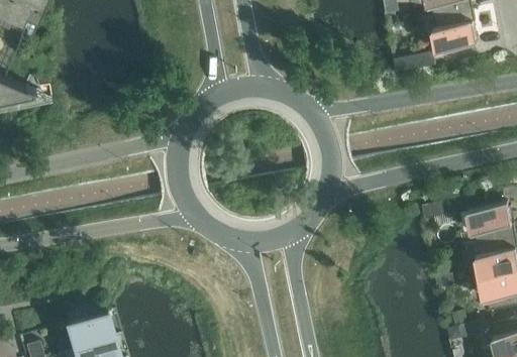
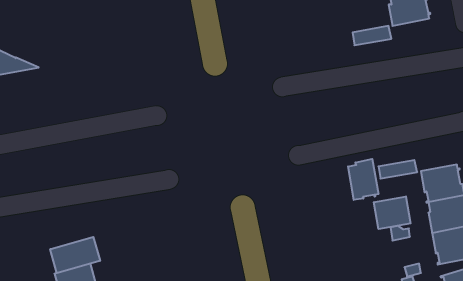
building: none -> [348,159,378,200]
building: none -> [374,196,411,229]
building: none -> [50,237,100,273]

